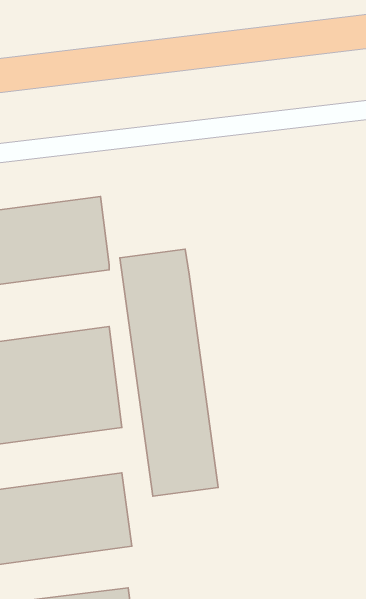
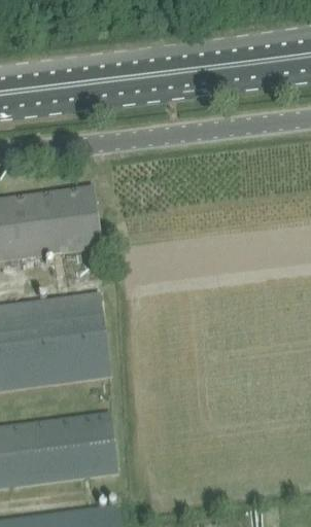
building: [120,249,218,496] -> none

